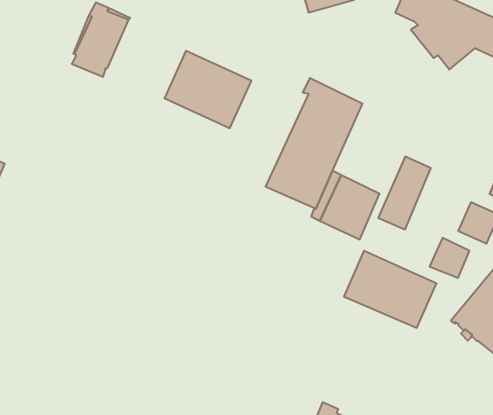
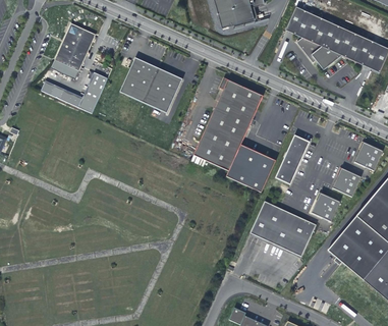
building: none -> [41,72,107,113]

